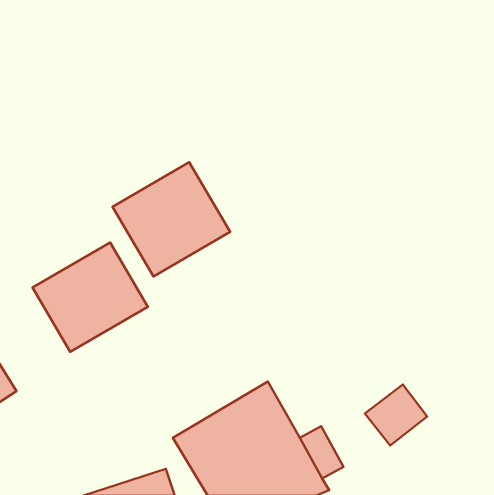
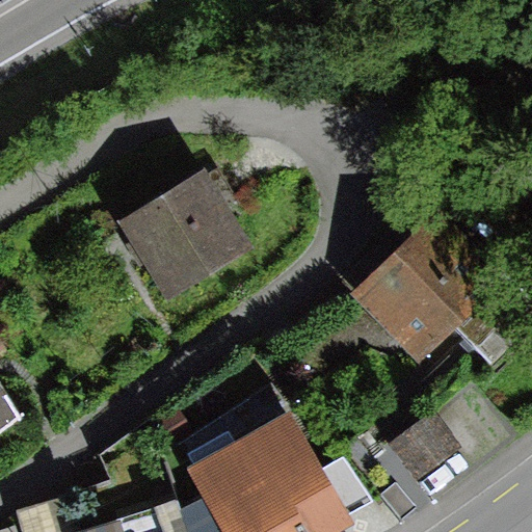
building: none -> [351,218,495,360]
building: [33,242,148,352] -> none

